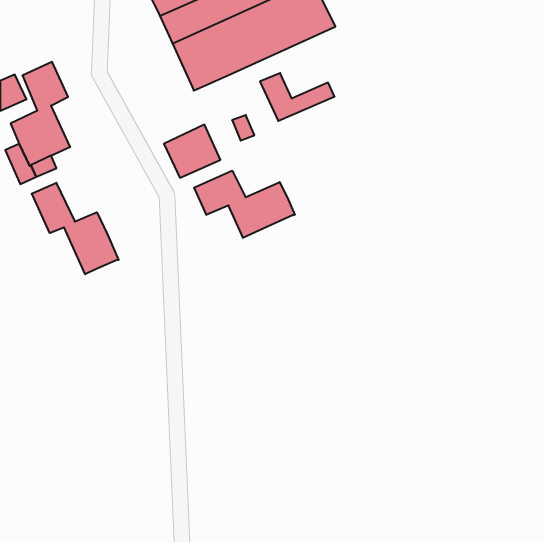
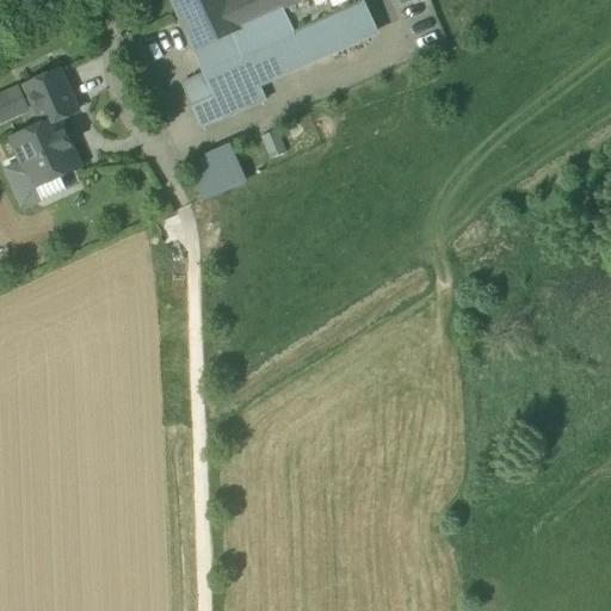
building: [260,73,335,121] -> [181,73,265,126]
building: [194,171,295,238] -> none
building: [32,183,119,274] -> none

